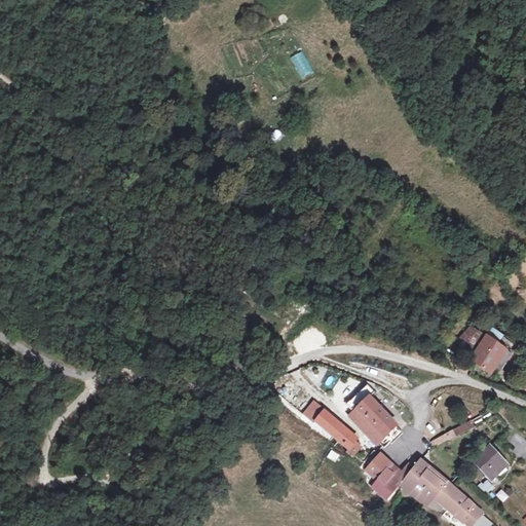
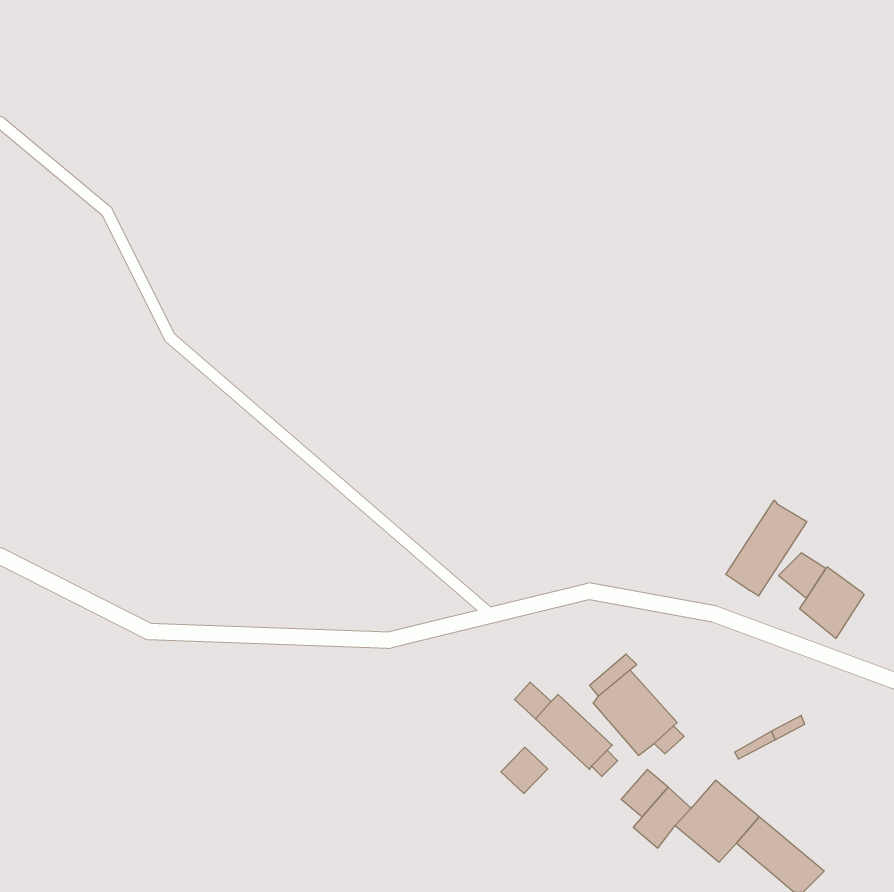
building: none -> [726,500,807,596]
building: none -> [501,747,548,793]
building: [472,444,509,481] -> none

